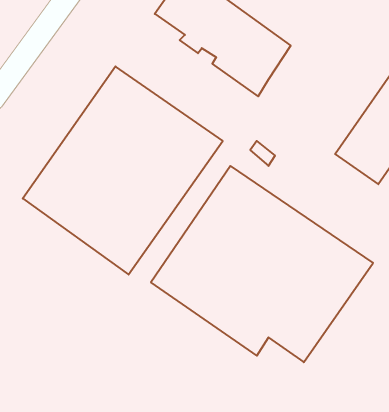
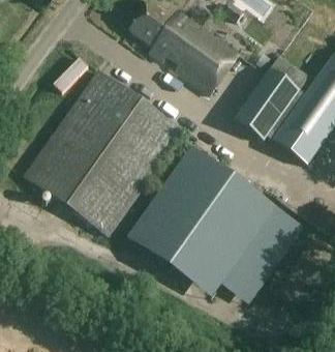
building: none -> [235,51,311,138]

